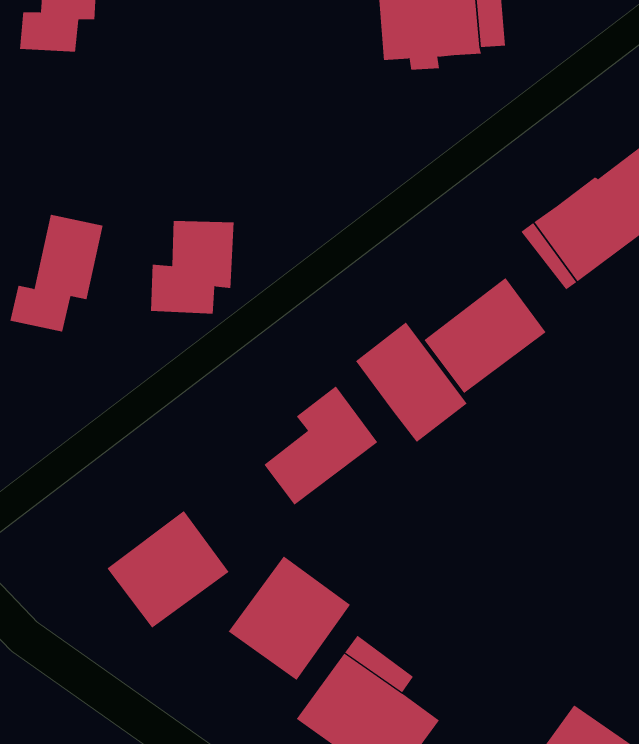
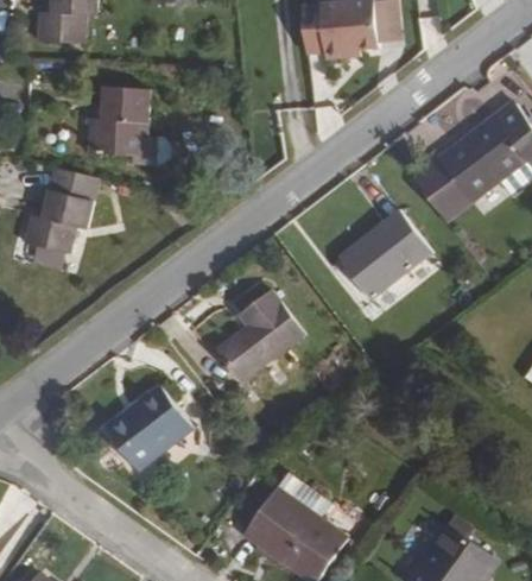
building: [150,220,234,314] -> [93,86,154,154]
building: [355,322,468,443] -> none
building: [228,556,351,681] -> none

